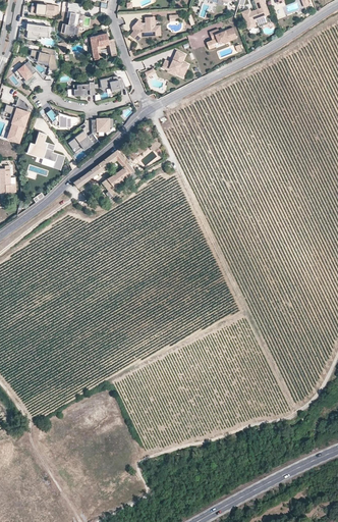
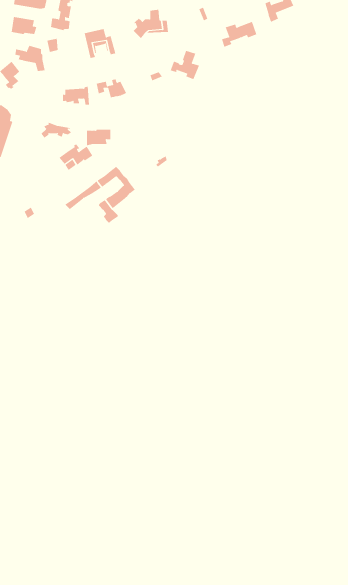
building: [27,132,65,170] -> none

